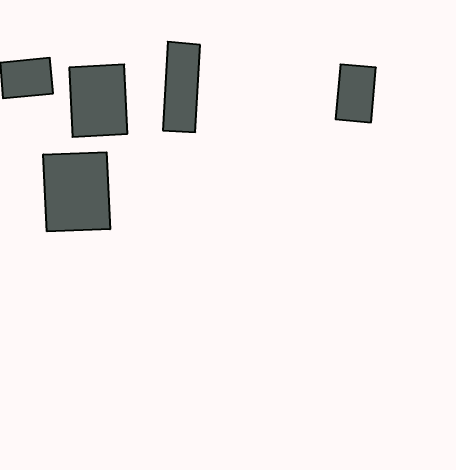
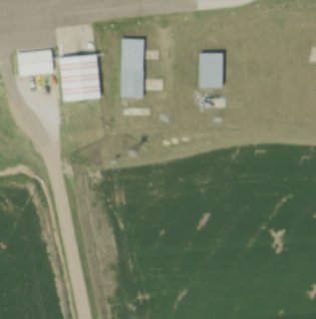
building: [336,64,376,122] -> [198,51,223,87]
building: [43,152,110,231] -> none

